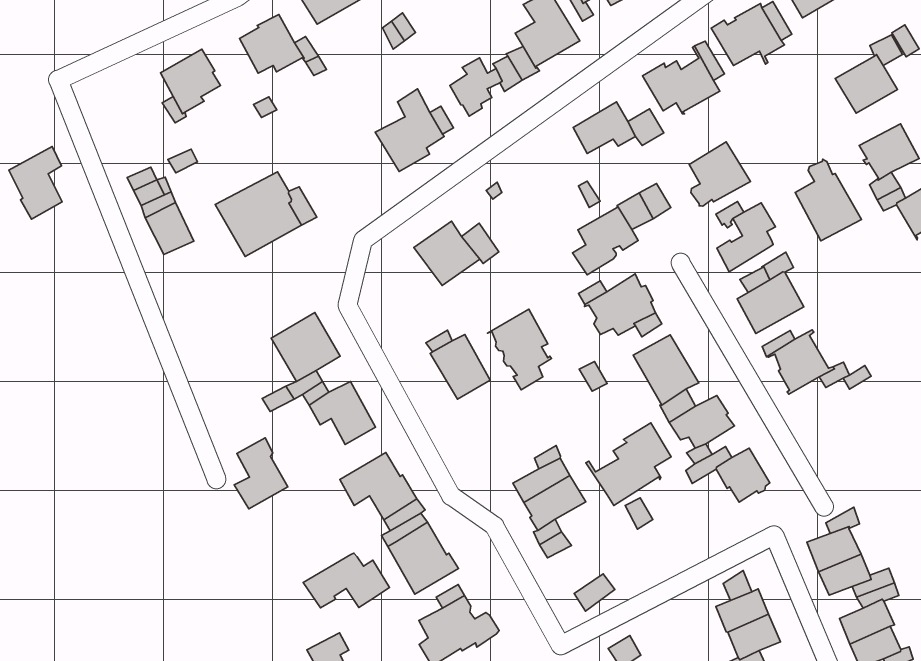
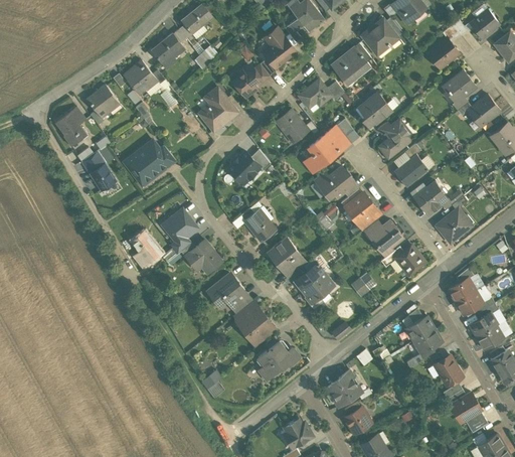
building: [9,147,62,219] -> [56,108,85,146]
building: none -> [275,110,308,144]
building: [795,159,862,241] -> none
building: [488,309,552,390] -> [268,238,302,279]
building: none -> [437,210,472,243]
building: [586,423,671,506] -> none
building: [234,438,288,509] -> [132,231,160,268]
building: [303,553,389,608] -> none

